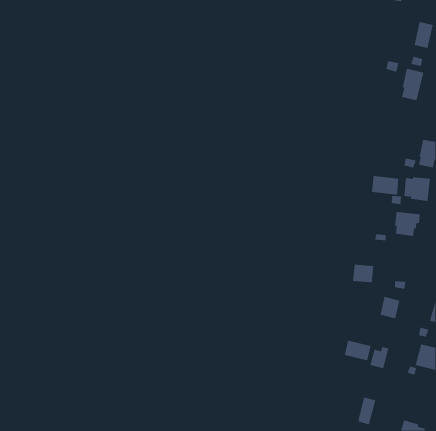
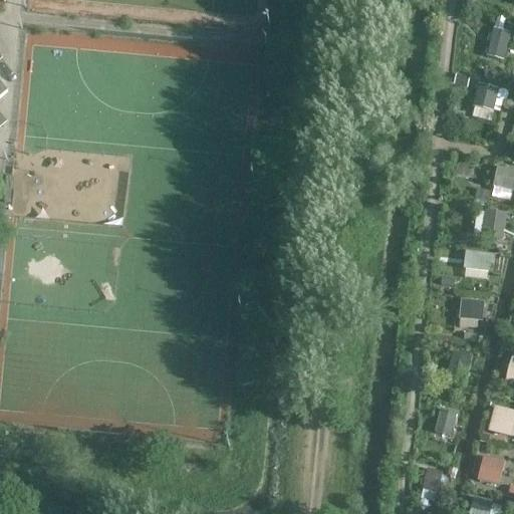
building: [371,175,399,195] -> none
building: [352,264,374,283] -> [459,297,485,319]
building: [344,340,371,361] -> none
building: none -> [477,454,505,484]

